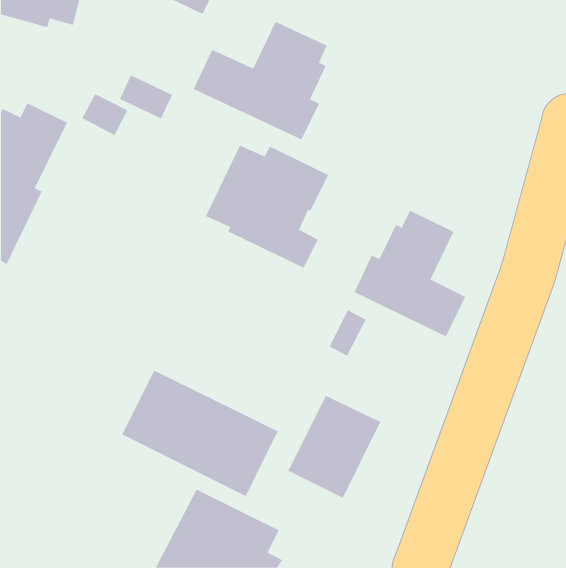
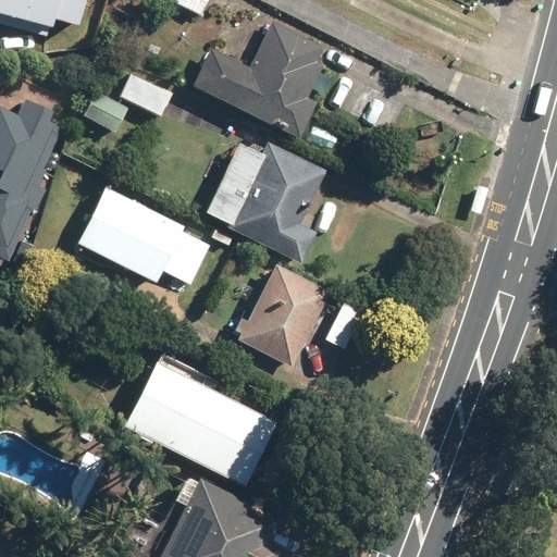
building: none -> [75,186,210,283]
building: [354,210,466,337] -> none
building: [288,395,381,499] -> [237,264,329,366]

